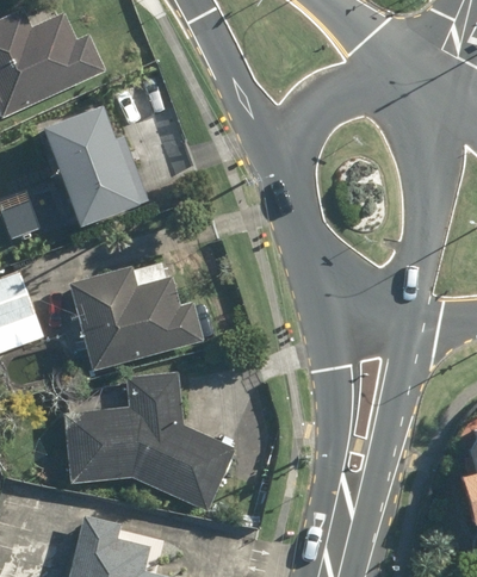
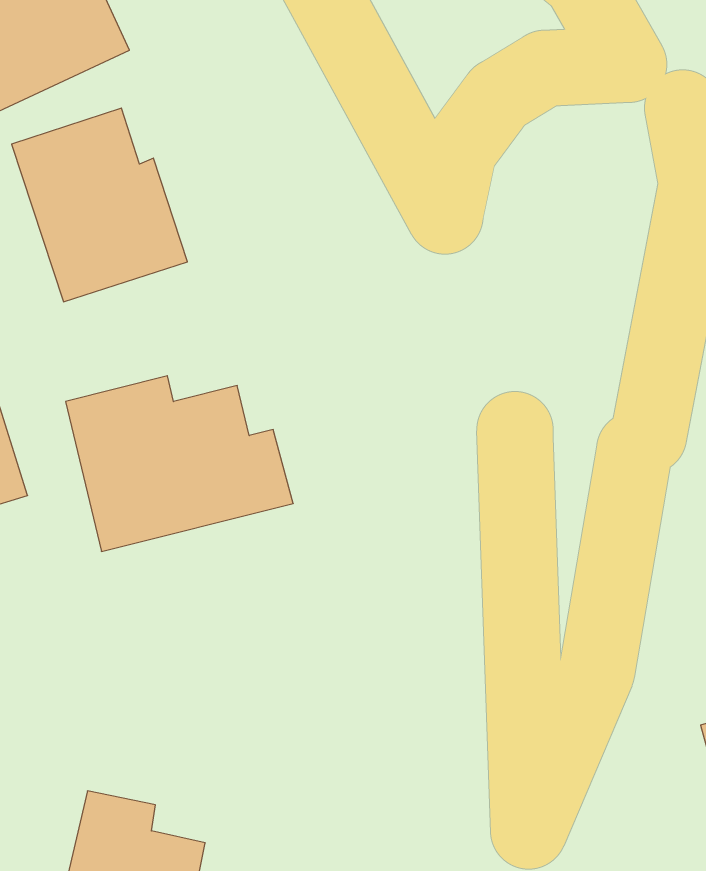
building: [66,371,236,509] -> none

